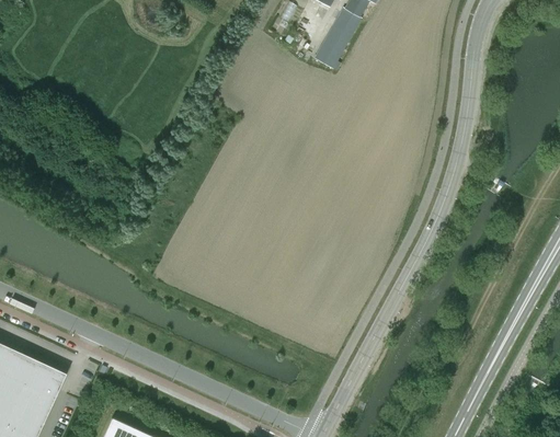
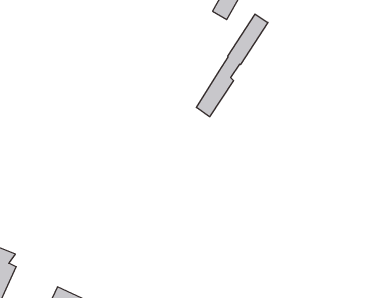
building: none -> [196,14,268,117]

